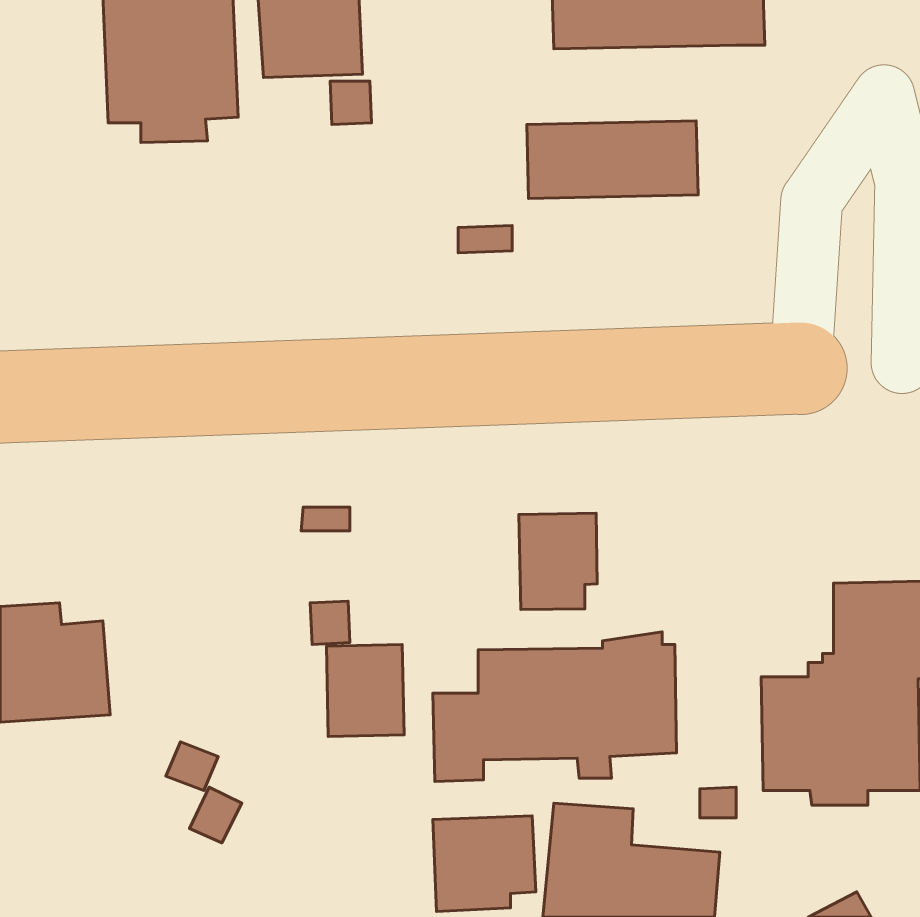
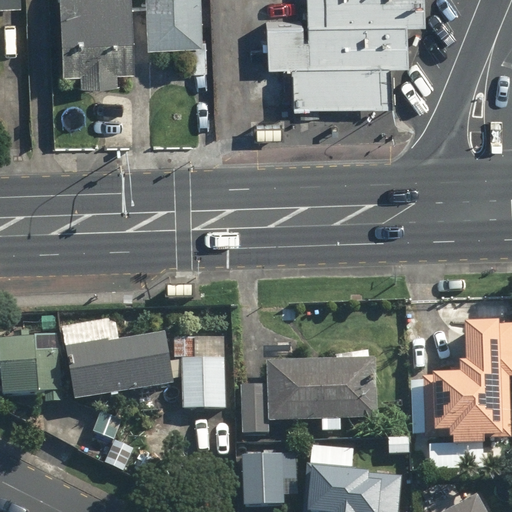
building: none -> [270,25,409,69]
building: [519,513,597,610] -> none
building: none -> [65,331,172,399]

